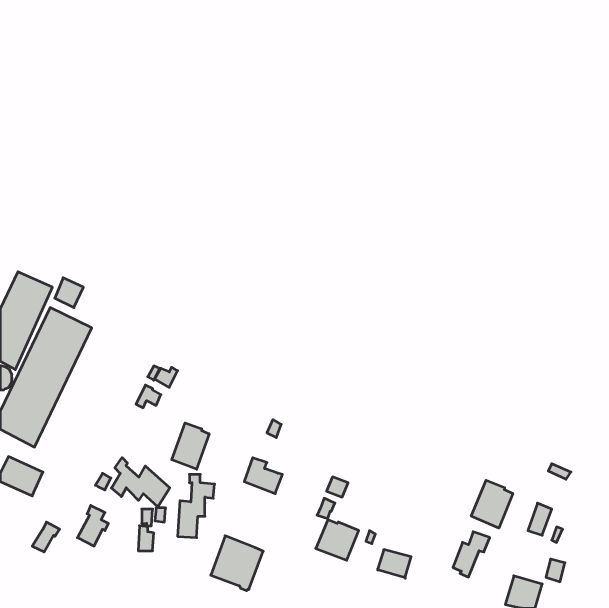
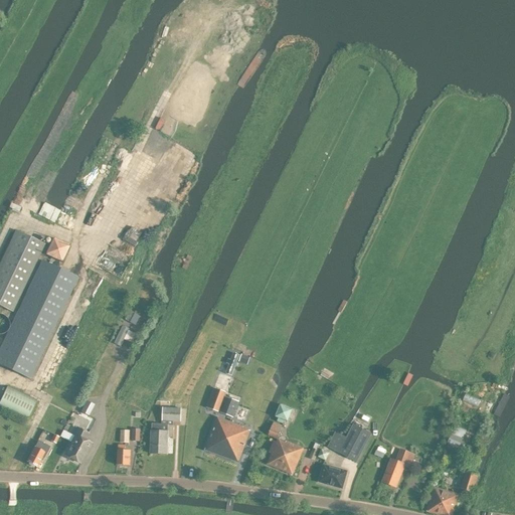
building: [172,423,209,469] -> none
building: [111,458,170,507] -> none
building: [471,480,513,528] -> none
building: none -> [332,423,370,461]
building: [211,536,263,591] -> [205,416,249,463]

